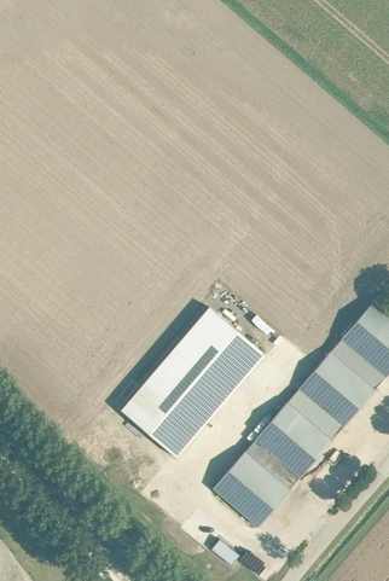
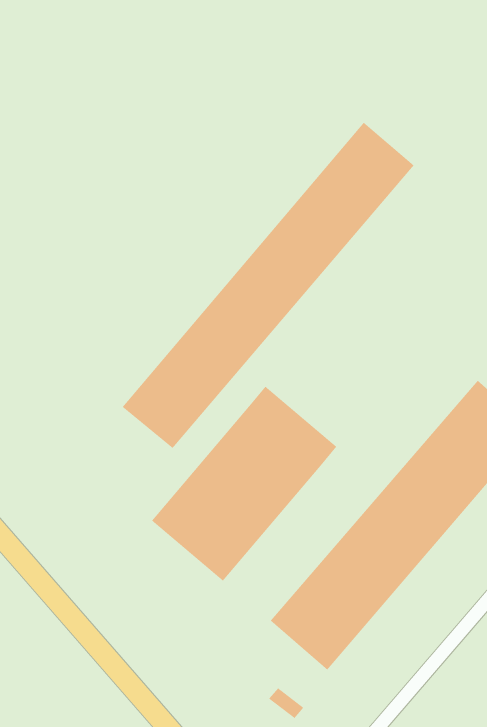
building: none -> [122,122,415,449]

